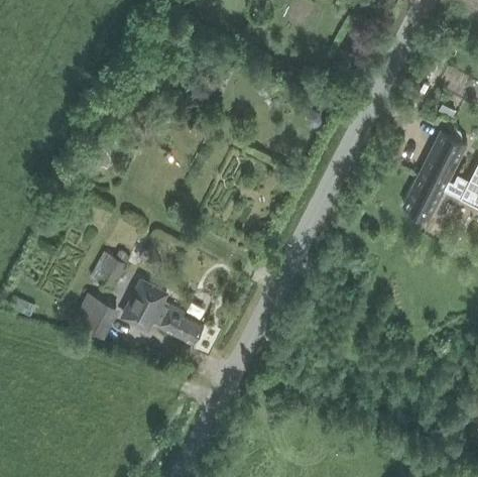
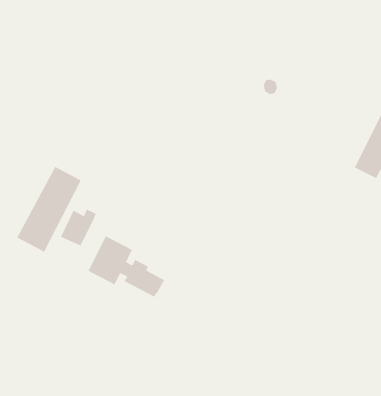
building: none -> [16,166,82,253]
building: [74,293,115,336] -> none

